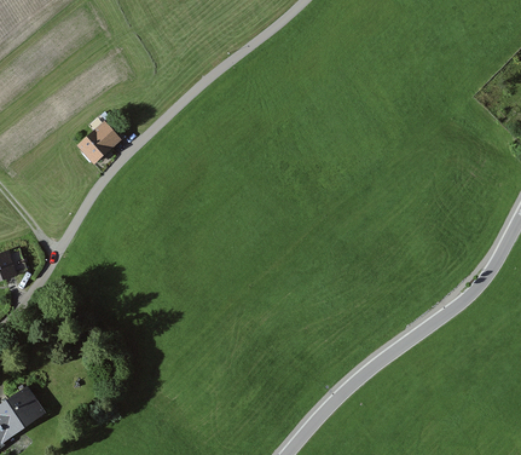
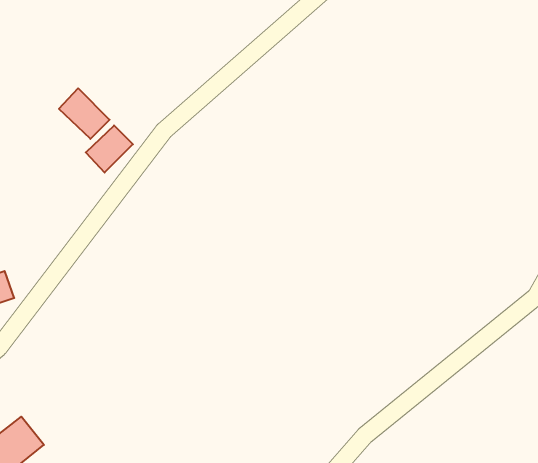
building: none -> [59,88,110,139]

